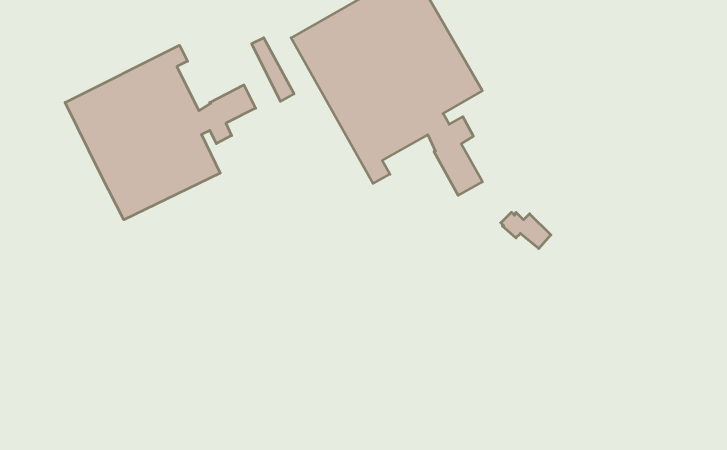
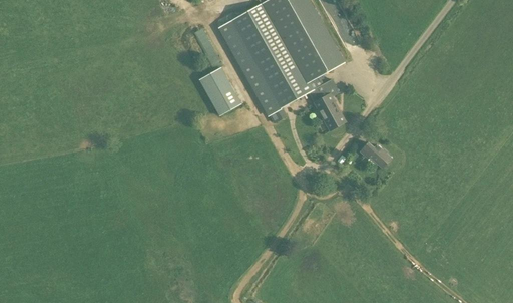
building: [65,45,256,220] -> none
building: none -> [199,67,241,115]

